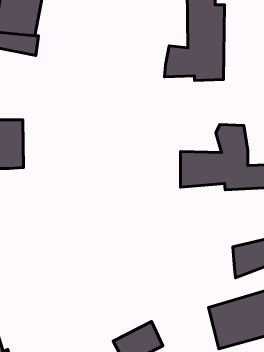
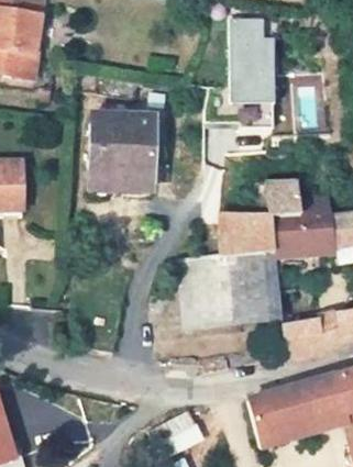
building: none -> [103,119,165,202]
building: none -> [179,247,282,330]

